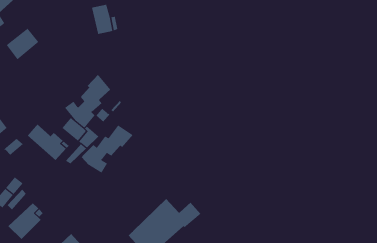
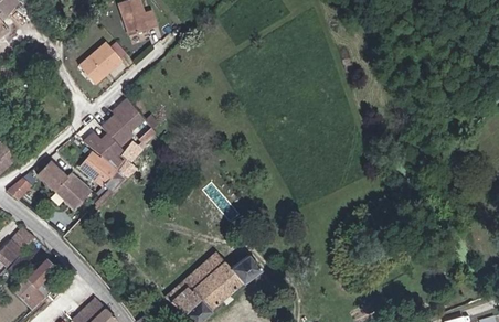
building: [6,28,39,60] -> [78,46,120,87]
building: [81,125,134,173] -> none

